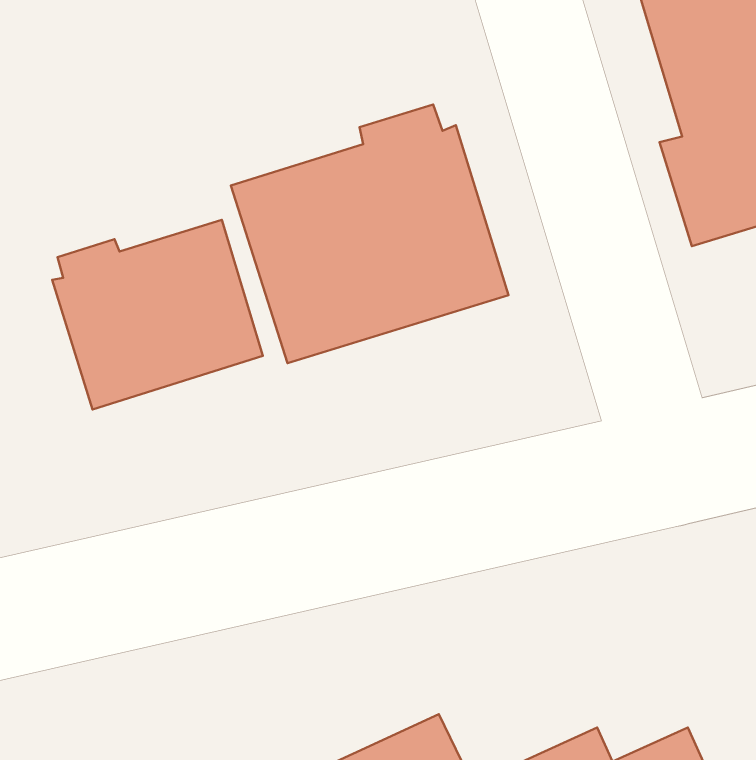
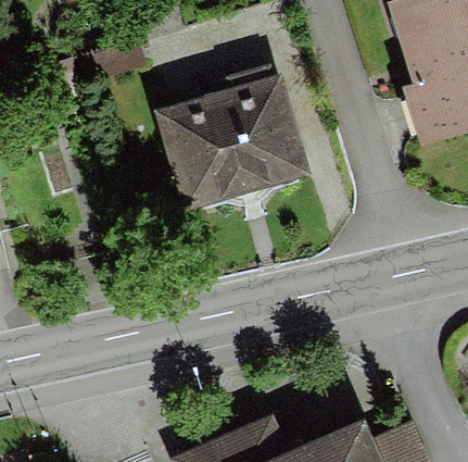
building: [52,220,263,409] -> none

